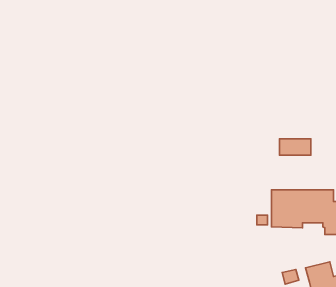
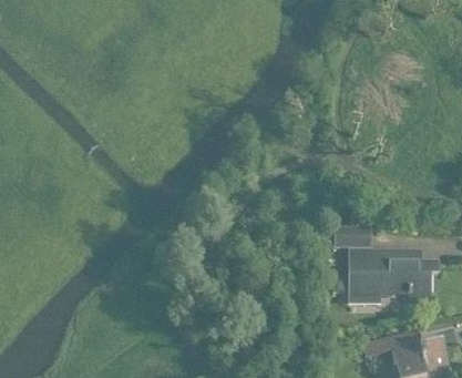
building: [280,139,311,155] -> [335,227,370,246]

